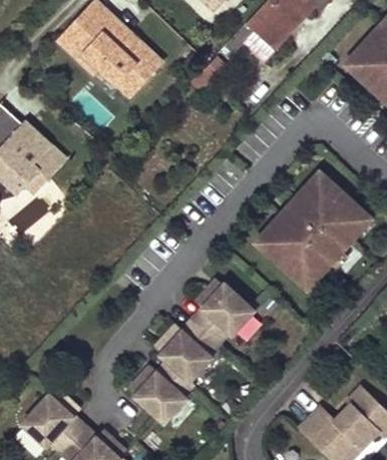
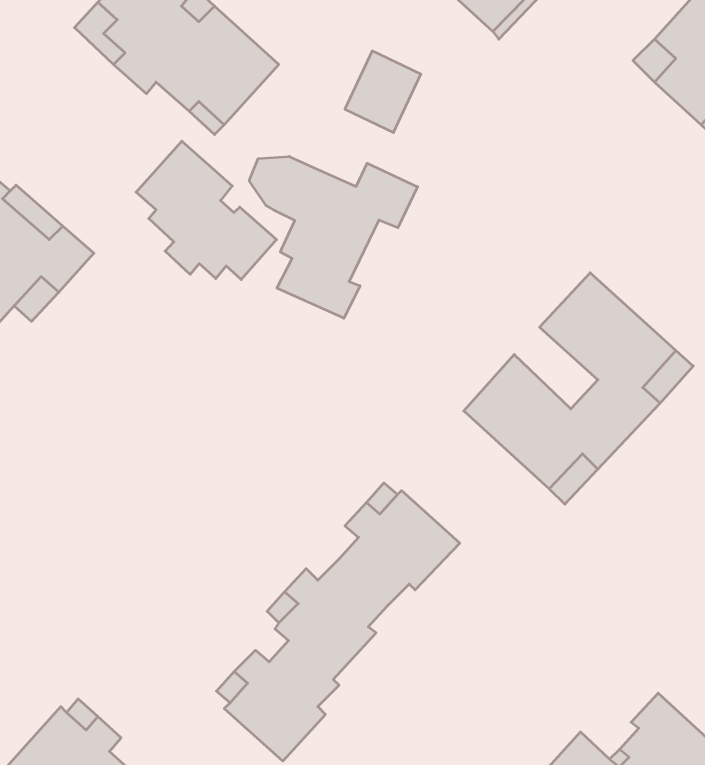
building: none -> [136,141,277,280]
building: none -> [249,156,418,318]
building: [283,197,326,240] -> none

